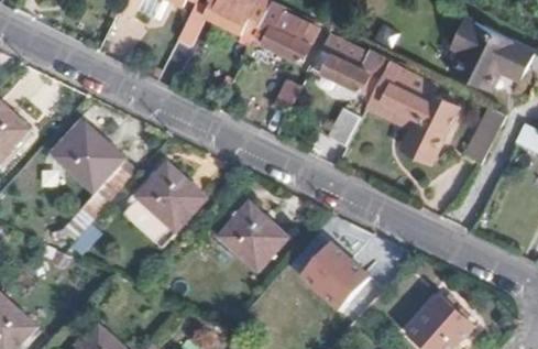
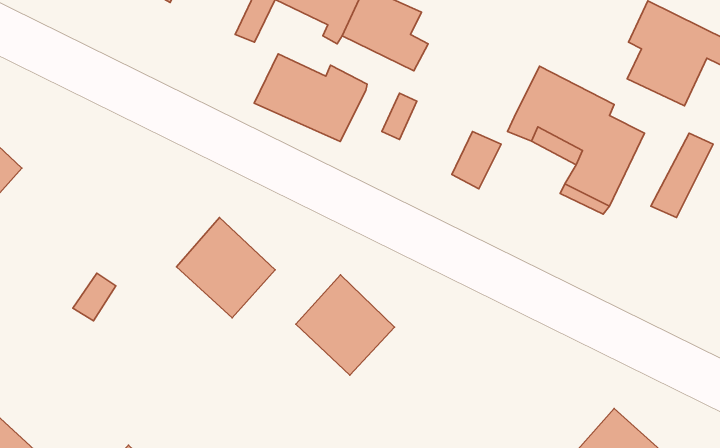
building: [308,34,386,95] -> [254,54,367,142]
building: [54,124,122,194] -> none
building: [298,244,365,310] -> none

